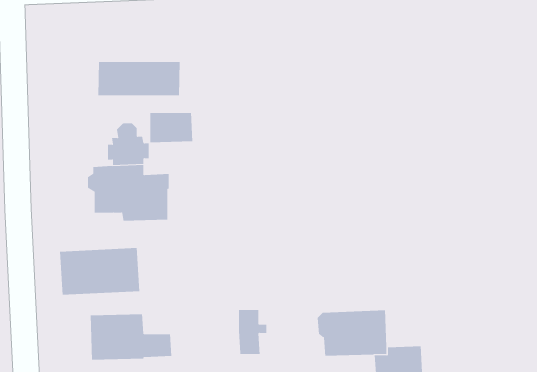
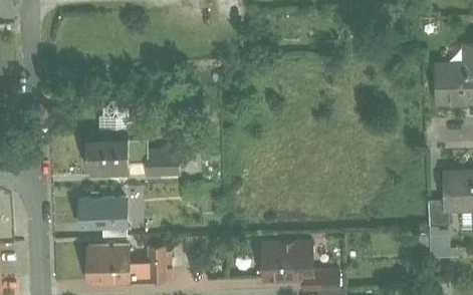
building: [98,61,180,96] -> none
building: [149,112,193,143] -> [147,151,180,174]
building: [238,310,267,355] -> [149,244,171,278]

